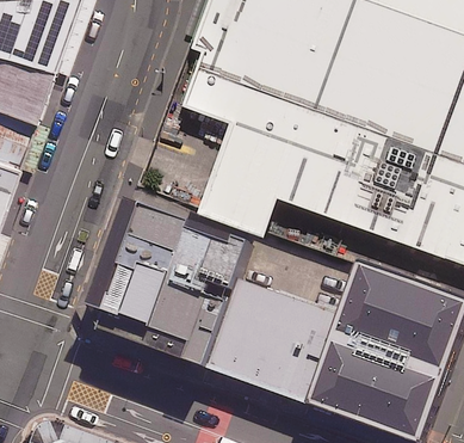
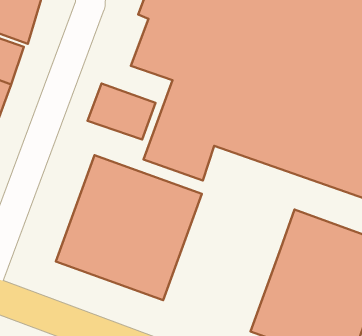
building: none -> [87,83,155,139]
building: [215,275,349,406] -> none

